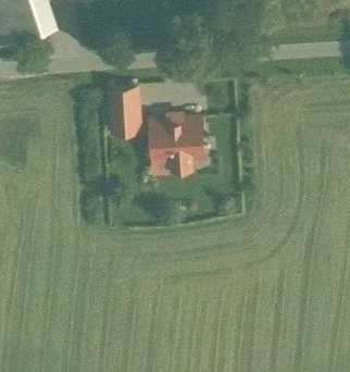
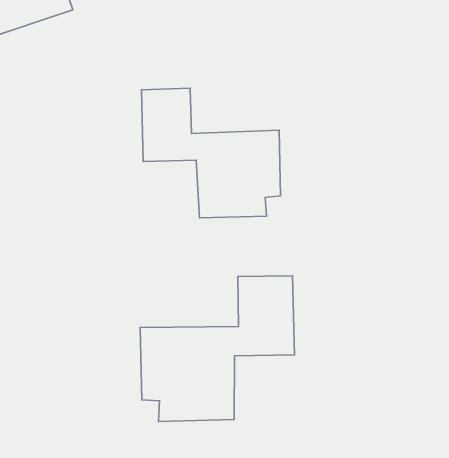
building: none -> [140,276,294,421]

